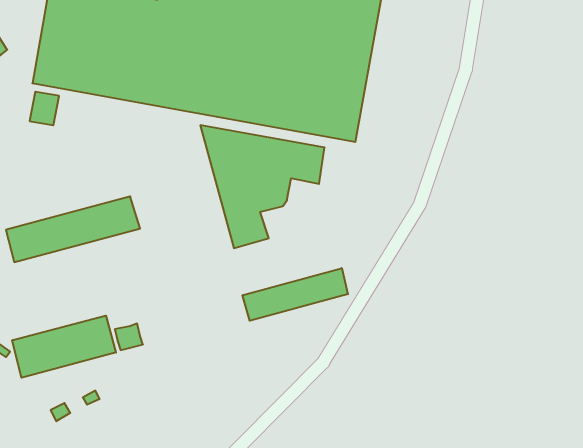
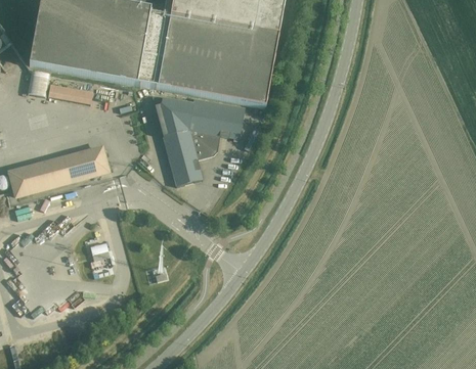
building: [243,268,348,321] -> none
building: [12,316,116,378] -> none

